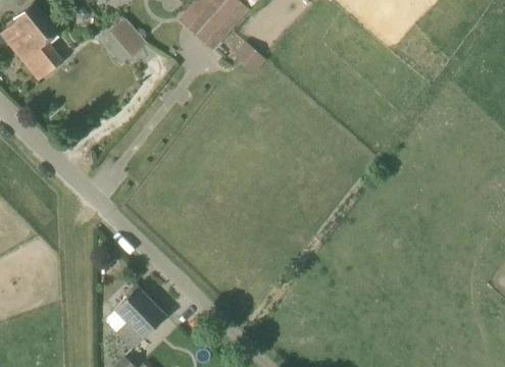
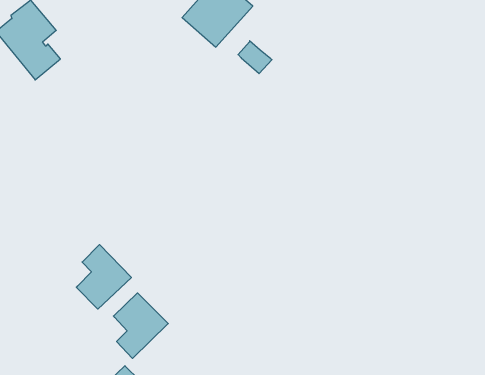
building: [112,21,146,57] -> none
building: none -> [76,245,131,309]

